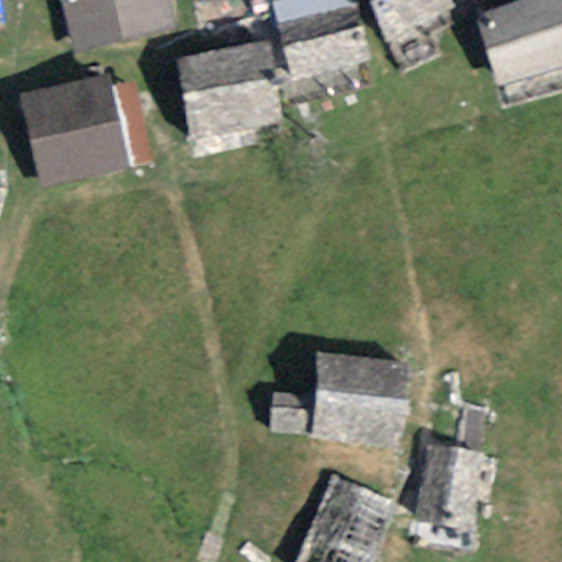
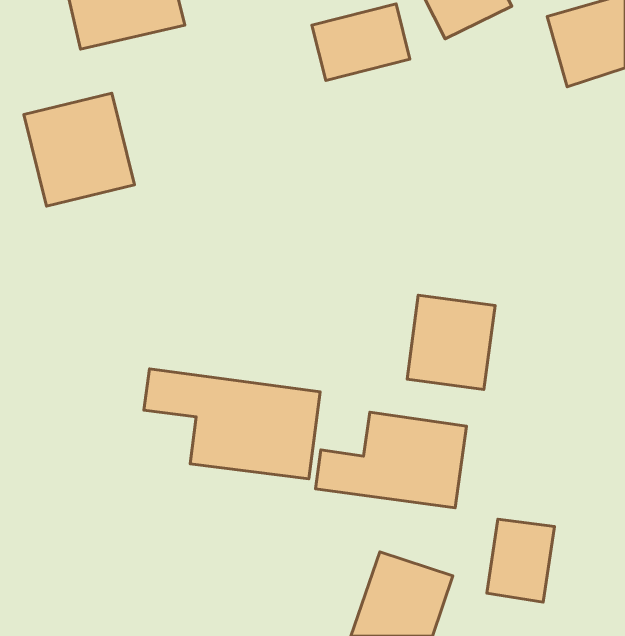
building: [172,43,276,134] -> none
building: none -> [407,295,495,389]
building: none -> [144,369,320,479]

